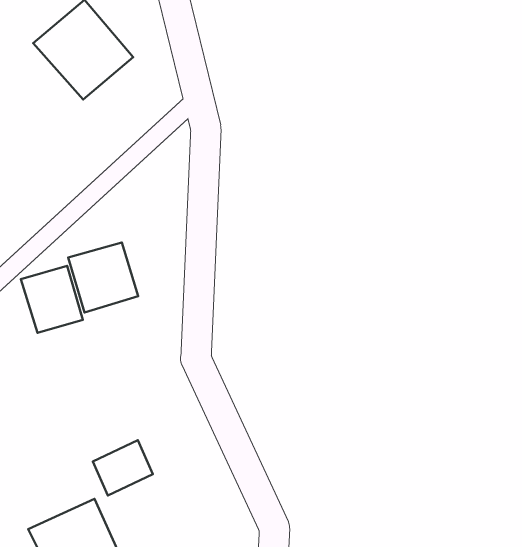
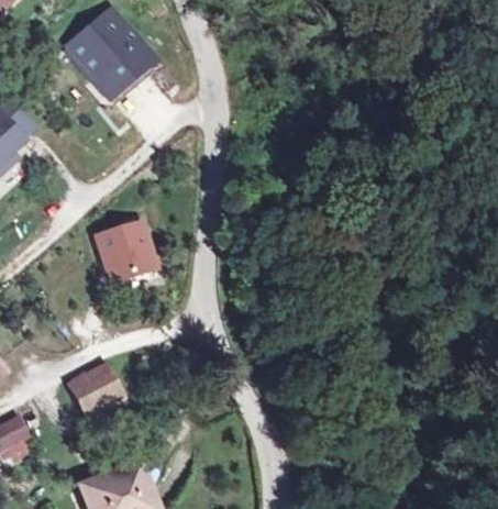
building: [21,266,83,333] -> none
building: [93,440,153,495] -> [70,366,123,414]

